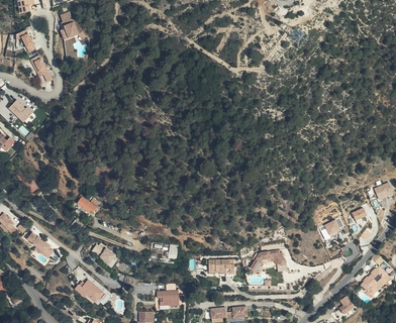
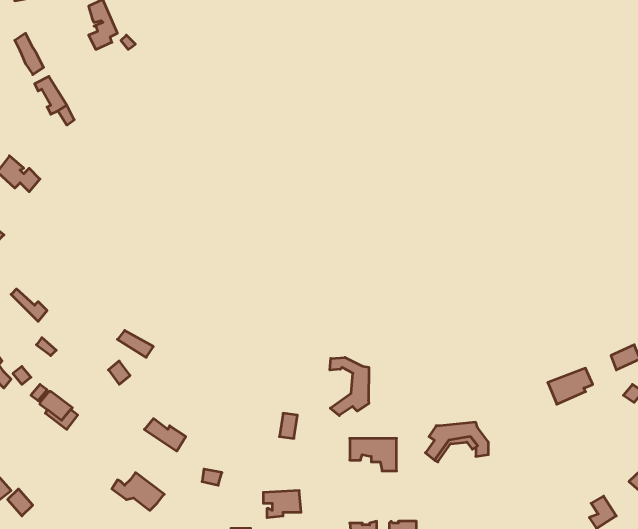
building: none -> [330,357,369,416]

